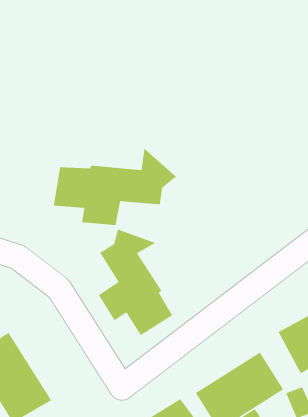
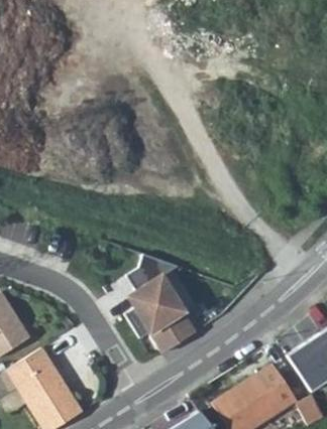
building: [53,148,177,226] -> none

